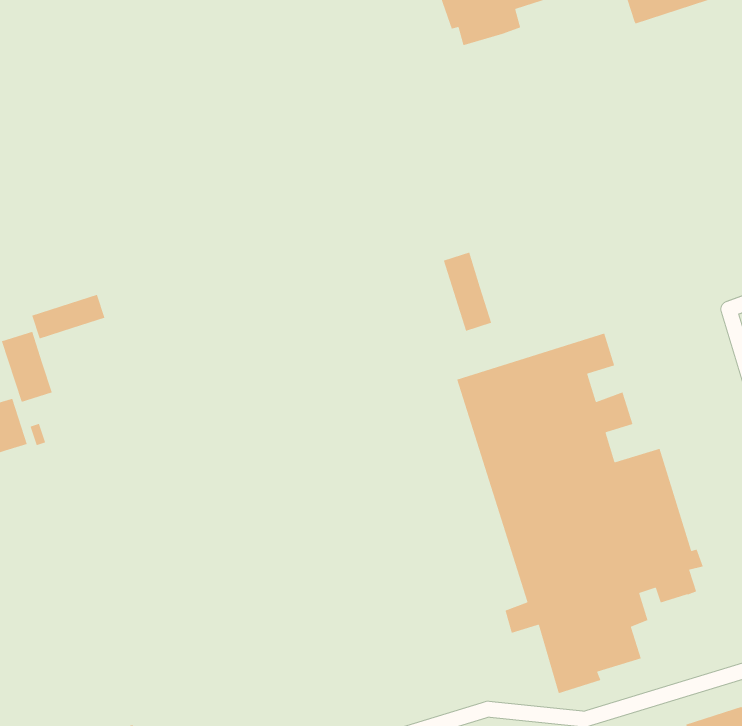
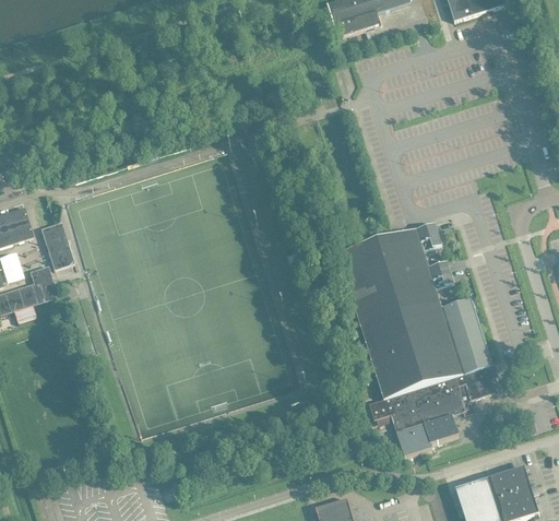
building: [443,251,492,332] -> none
building: [31,294,106,340] -> none

